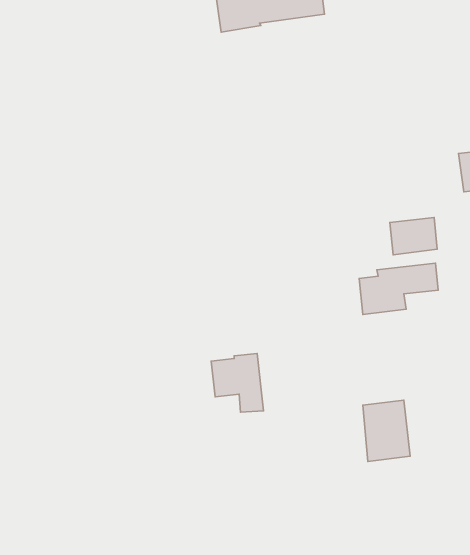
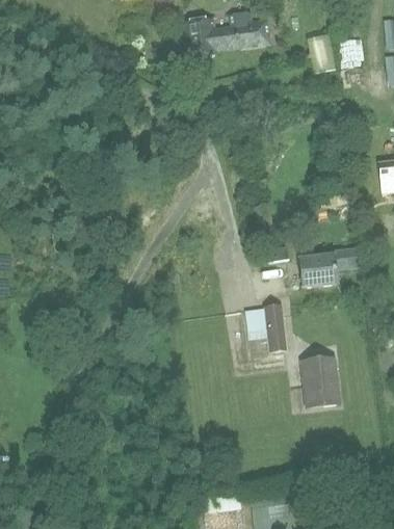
building: [390,218,437,255] -> none
building: [211,353,264,412] -> [244,305,287,352]

